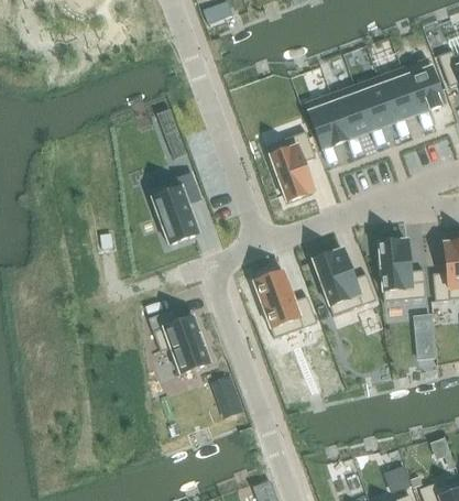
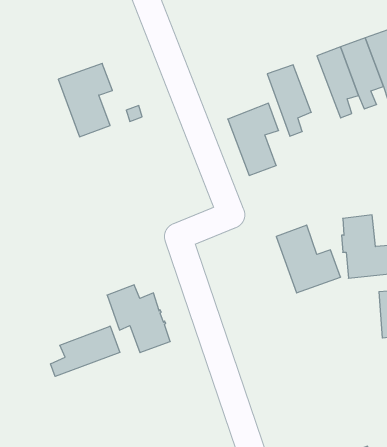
building: [330,85,371,154] -> none
building: [149,173,201,244] -> [58,63,112,137]
building: [254,271,317,339] -> none
building: none -> [51,326,120,376]

